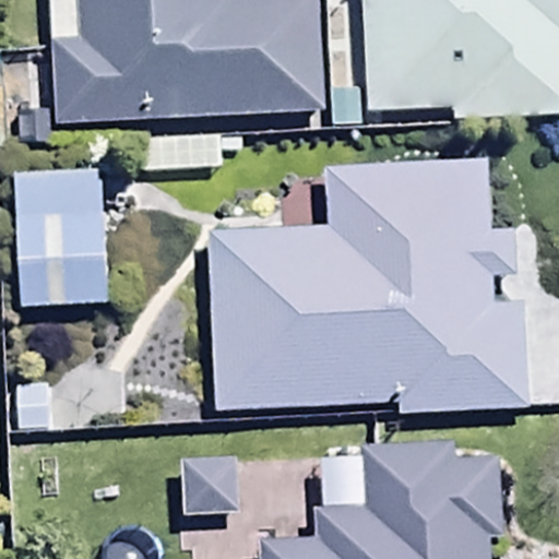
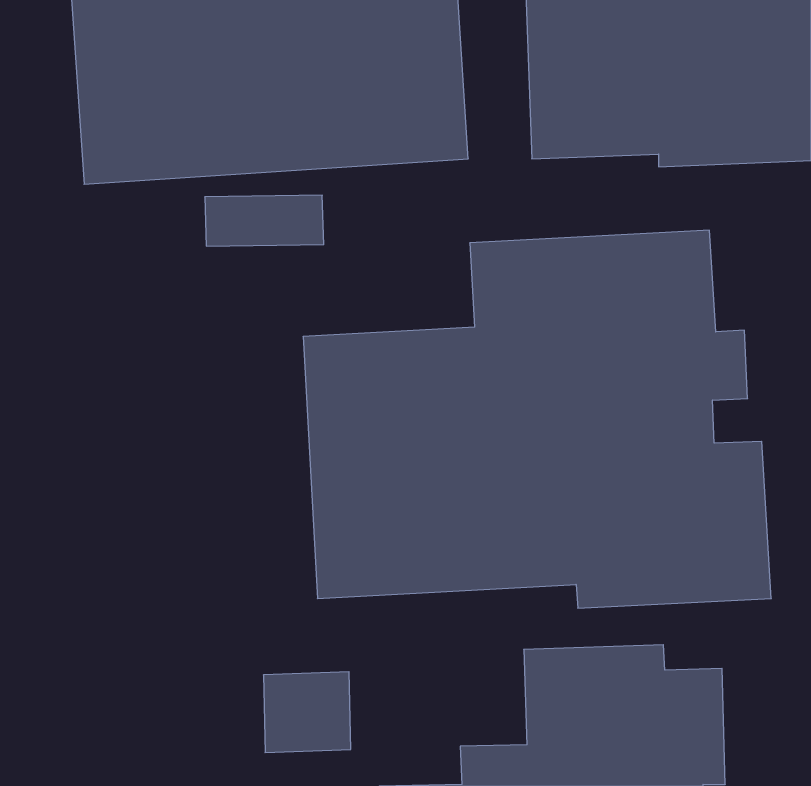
building: [15,173,107,312] -> none

